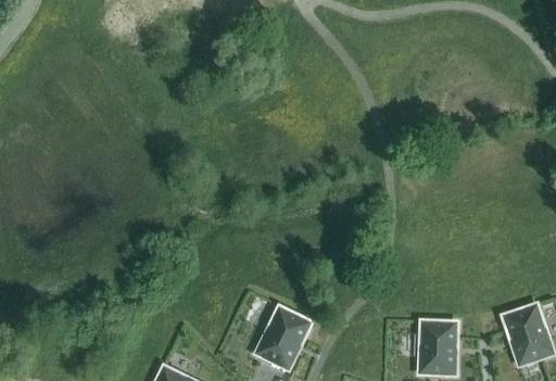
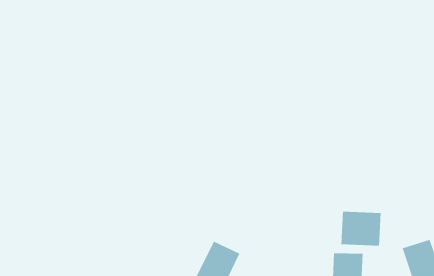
building: none -> [341,211,381,247]

